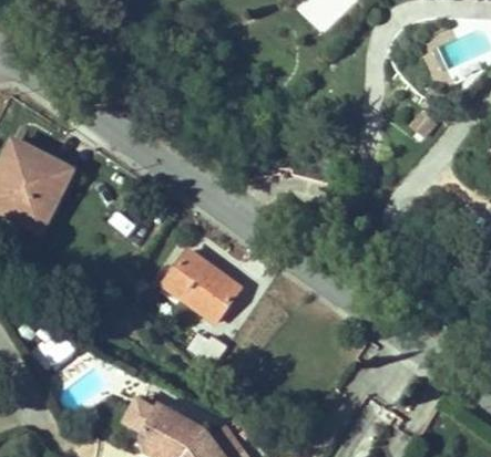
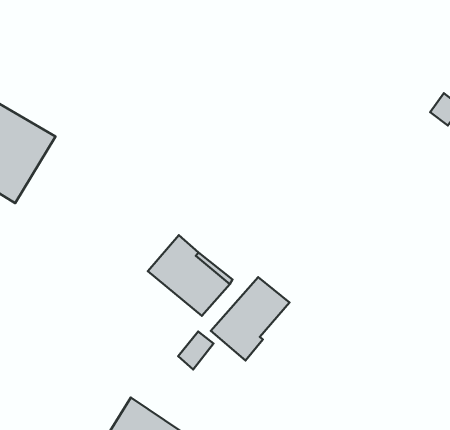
building: none -> [211,277,289,360]

